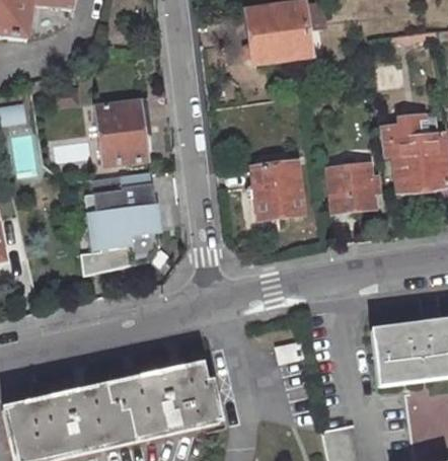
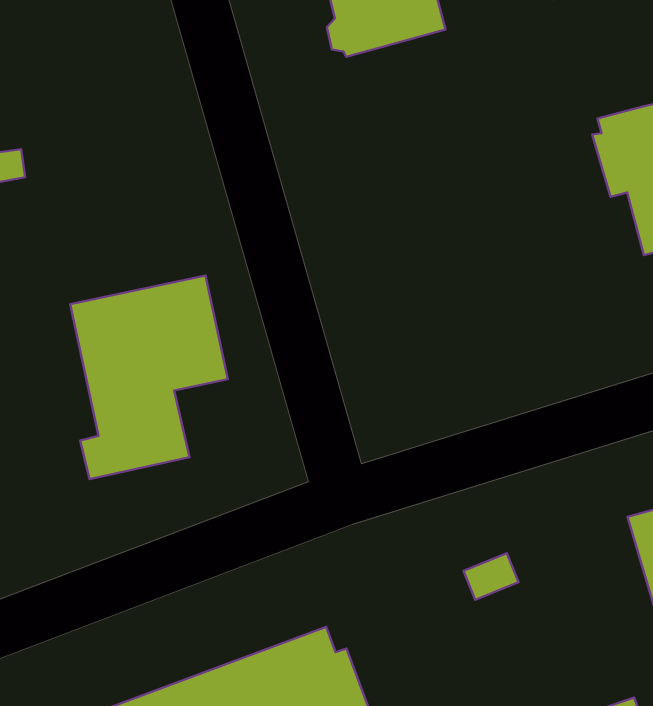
building: [93,100,147,162] -> none
building: [252,163,303,220] -> none
building: [326,166,377,218] -> none

